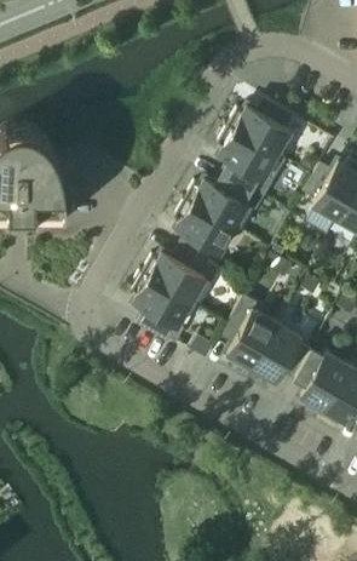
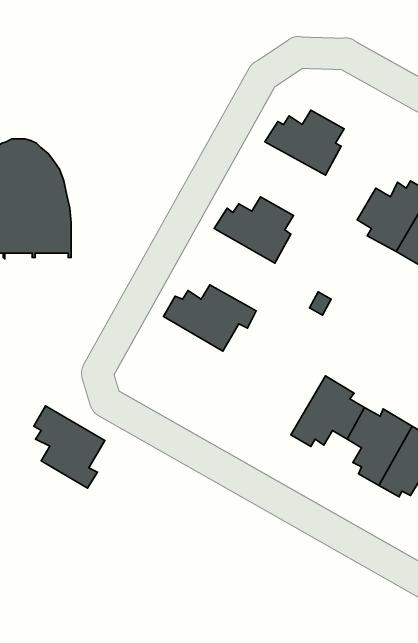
building: [218,128,278,190] -> none
building: [175,201,236,264] -> none
building: [133,275,192,344] -> [34,406,105,488]
building: [223,297,278,374] -> none

